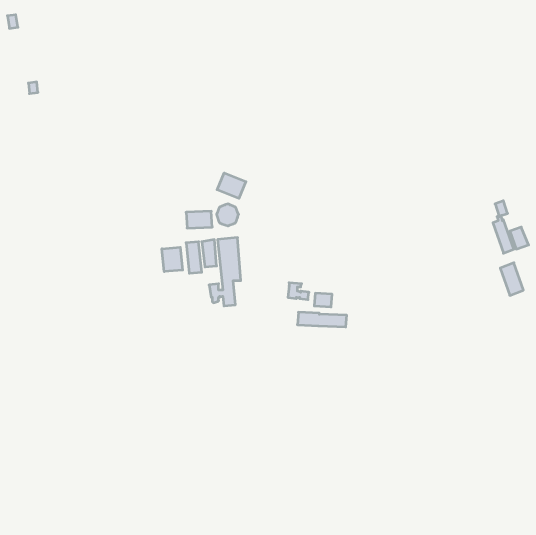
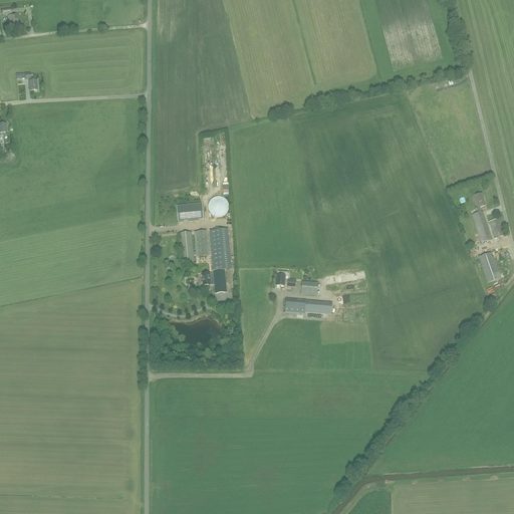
building: [217,173,246,198] -> none
building: [162,247,183,272] -> none

